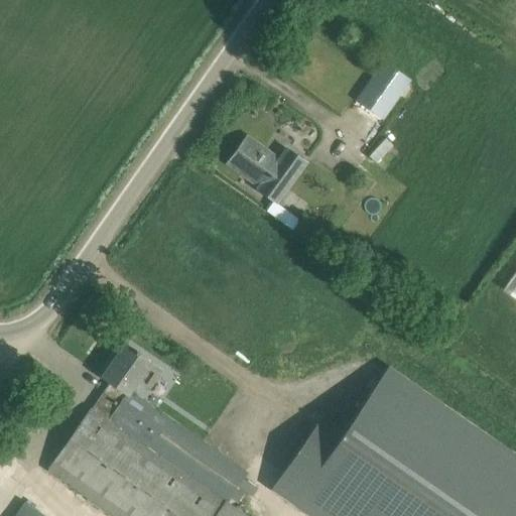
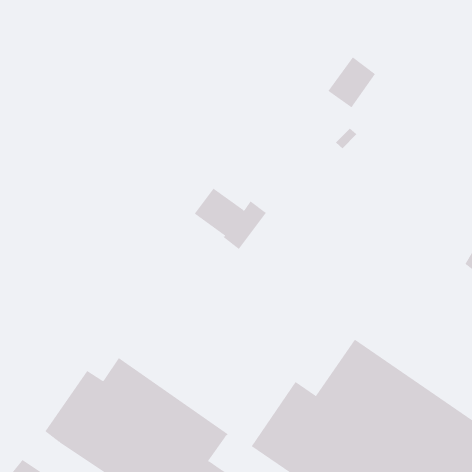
building: [227,136,306,204] -> [194,188,267,250]
building: [96,346,163,415] -> none

